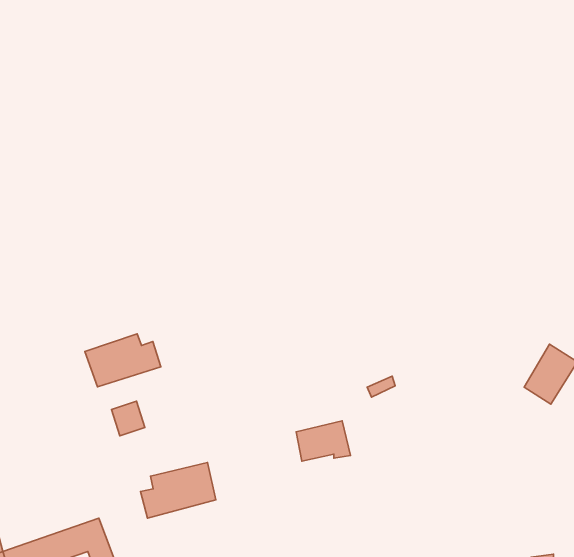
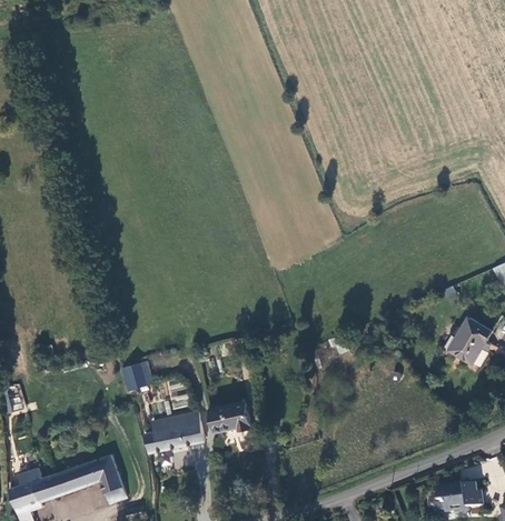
building: [85,334,161,387] -> none
building: [296,421,350,461] -> [208,401,251,433]

